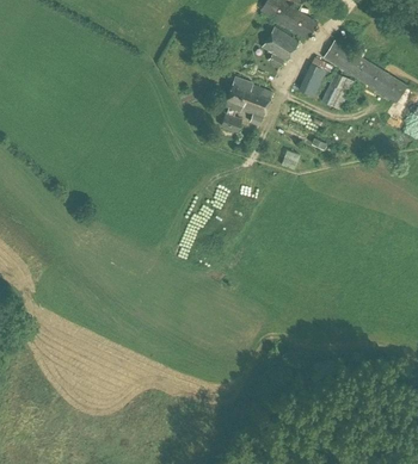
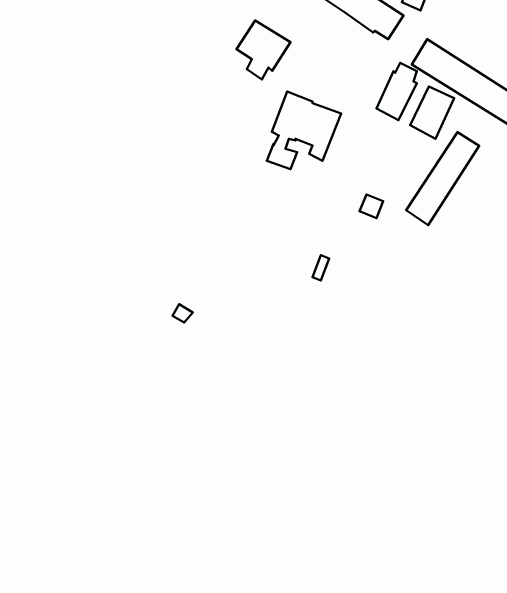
building: [260,26,299,68] -> [237,20,291,79]
building: none -> [406,132,479,225]

